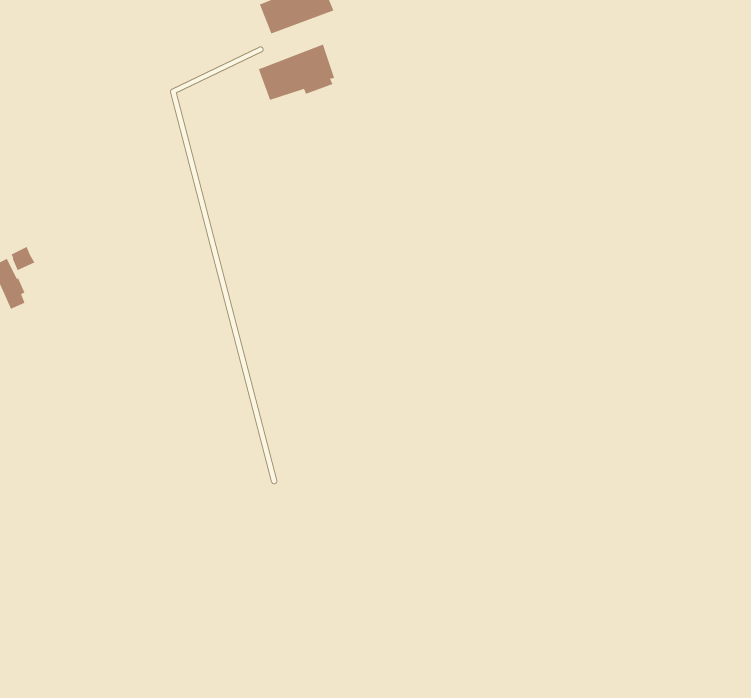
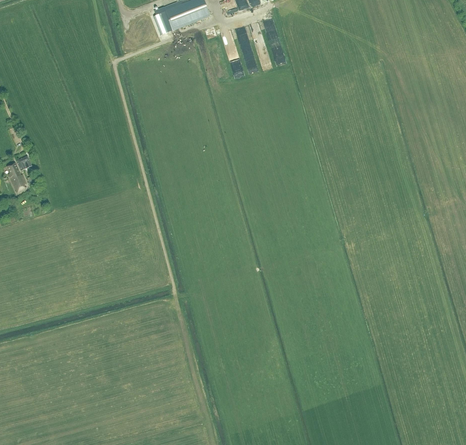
building: [258,44,335,101] -> none

